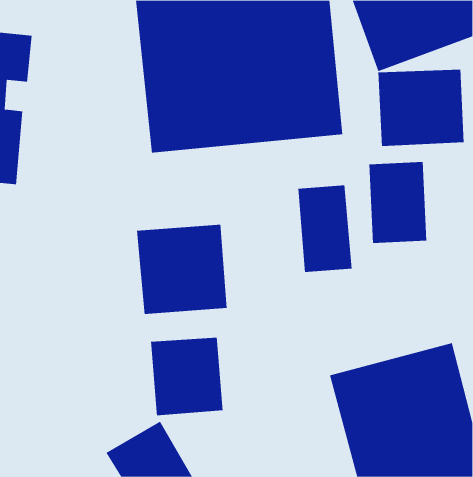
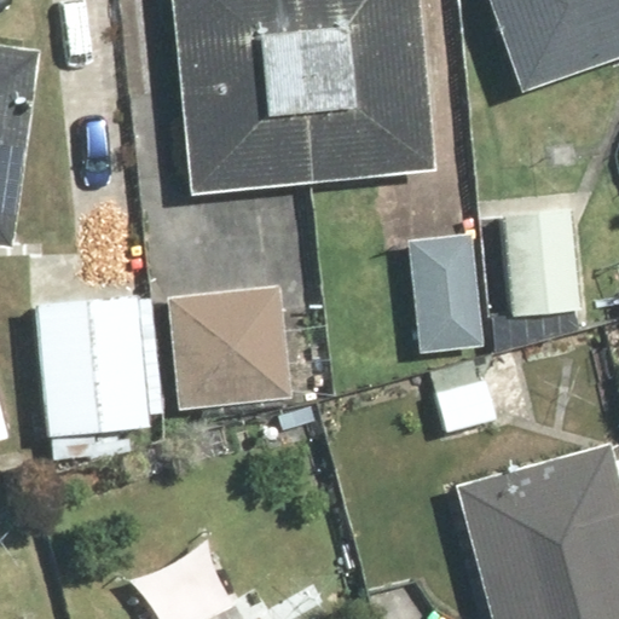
building: [378,69,464,147] -> none
building: none -> [47,299,155,438]
building: [151,337,223,416] -> none

